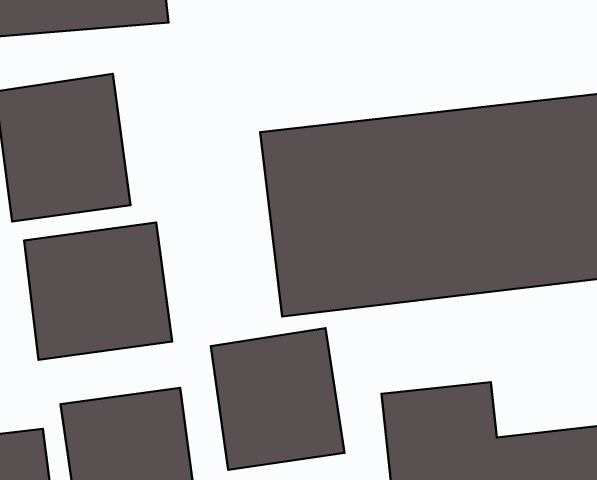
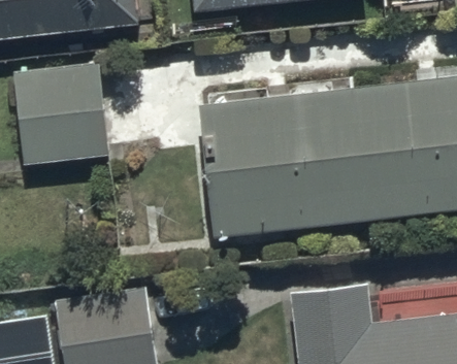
building: [24,223,172,360] -> none
building: [211,328,345,470] -> none

